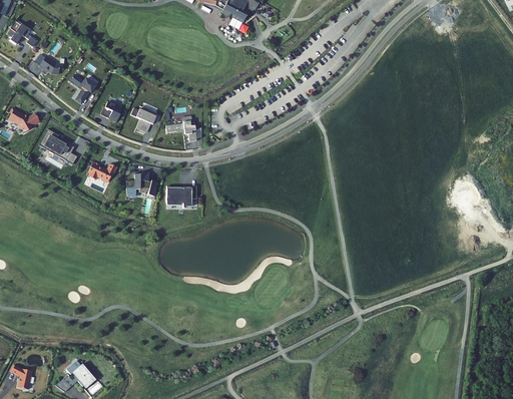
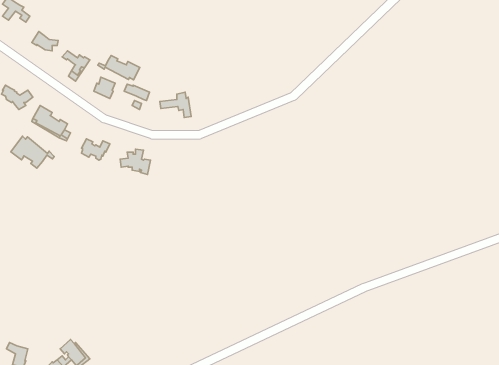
building: none -> [98,55,140,80]
building: none -> [11,136,54,168]
building: [166,185,196,204] -> none

